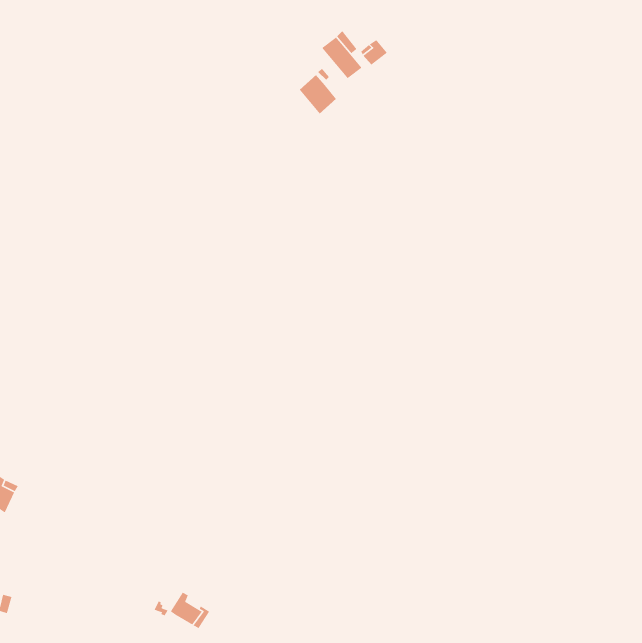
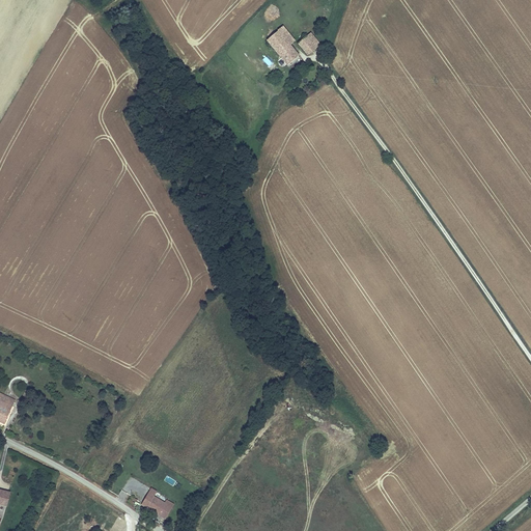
building: [299,74,337,114] -> none

